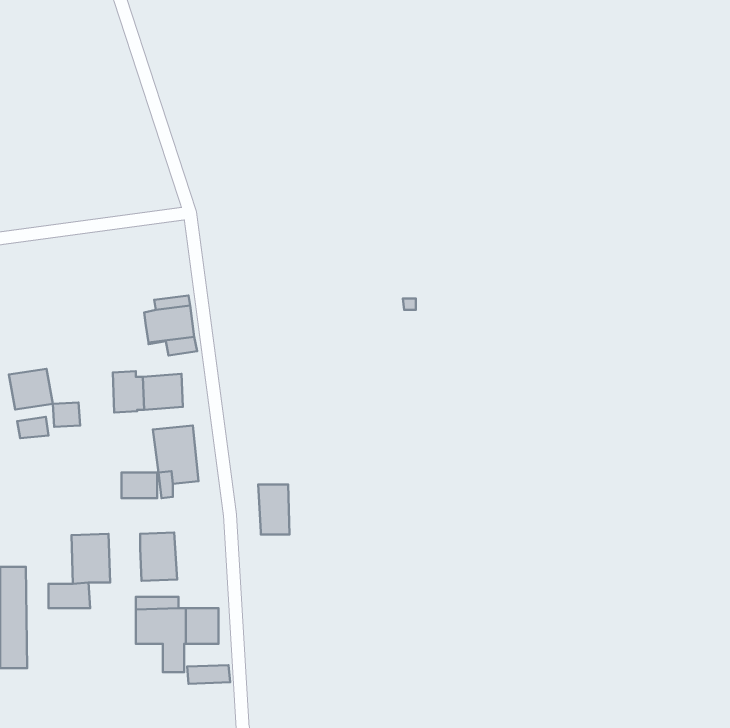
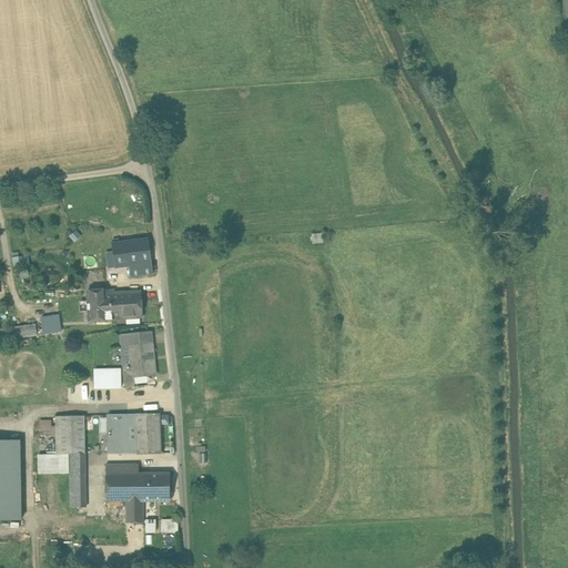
building: [9,369,53,410] -> none
building: [258,485,290,535] -> [135,414,160,453]
building: none -> [69,453,87,507]

